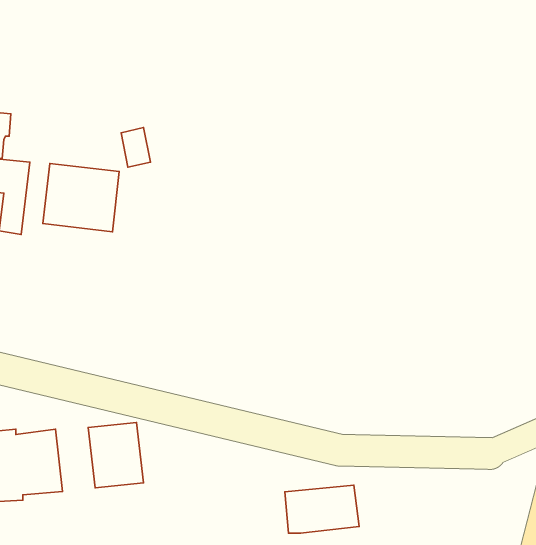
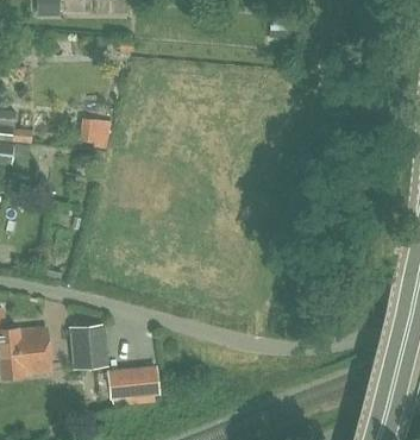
building: [43,163,119,232] -> none
building: [285,485,359,533] -> [108,366,159,400]

